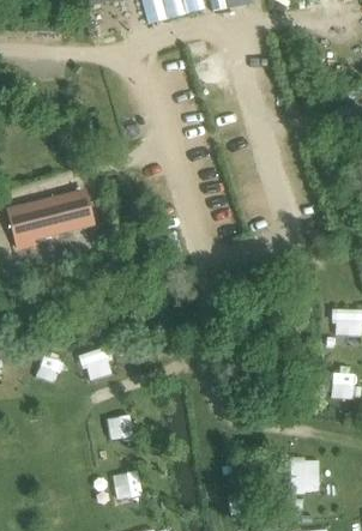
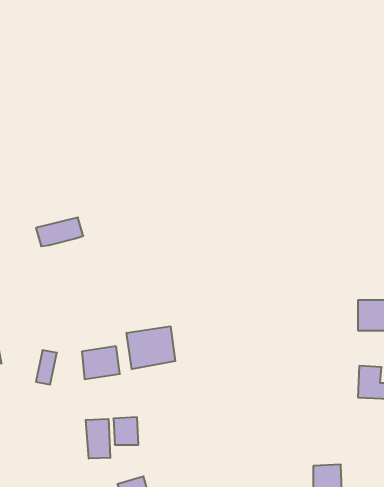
building: [20,194,88,239] -> none
building: none -> [127,326,175,369]
building: none -> [86,419,110,459]

